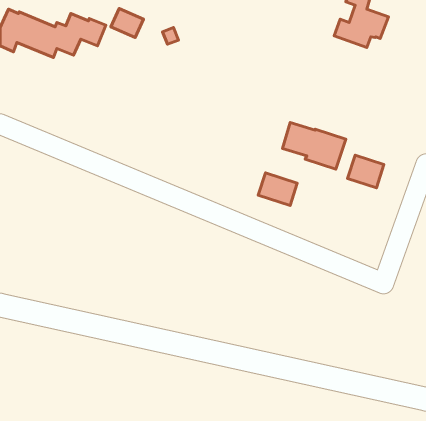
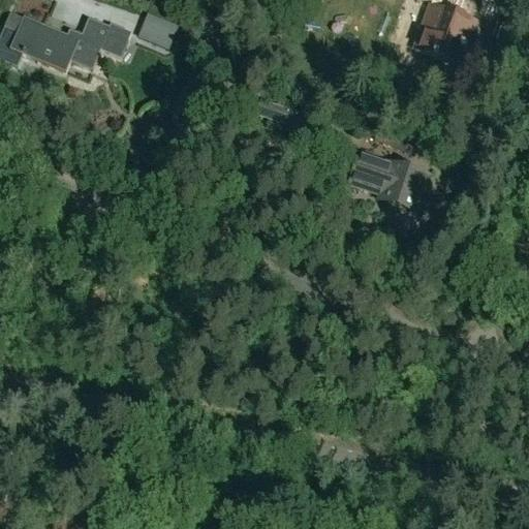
building: [348,155,384,188] -> none
building: [258,173,297,206] -> none

